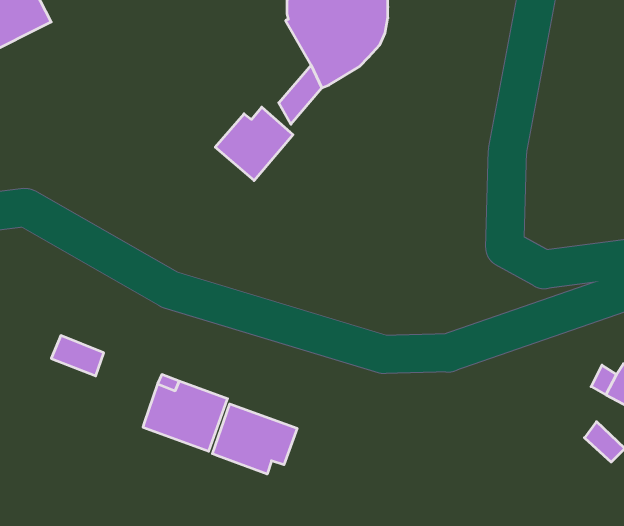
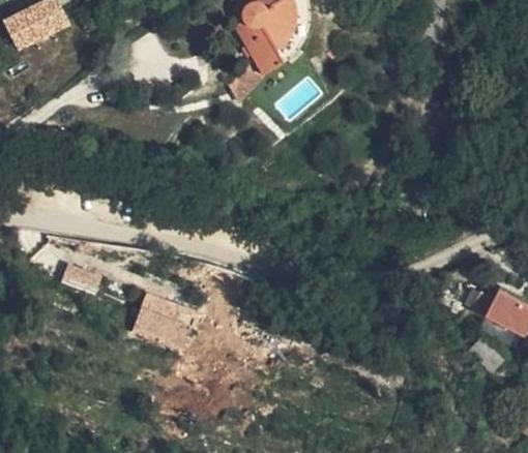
building: [215,107,293,181] -> none
building: [212,404,297,474] -> none

